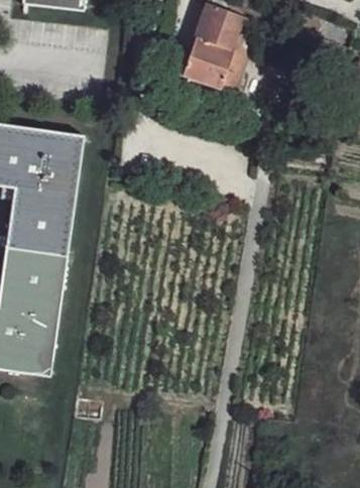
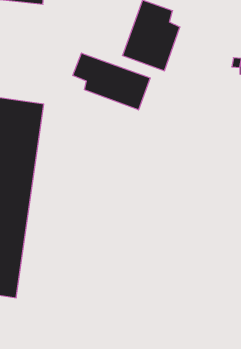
building: none -> [73,53,150,110]

